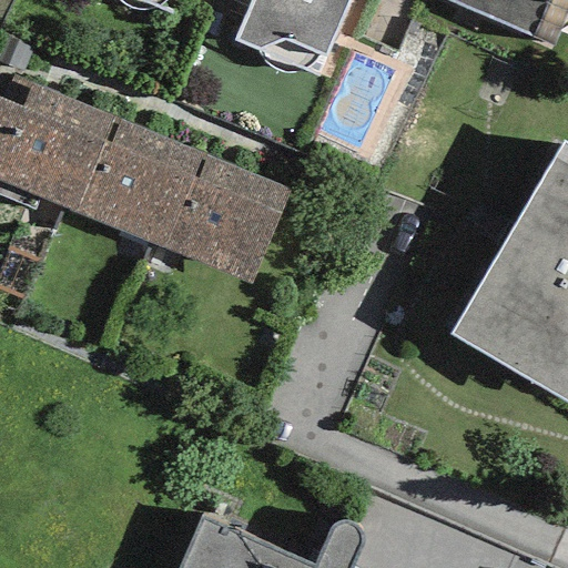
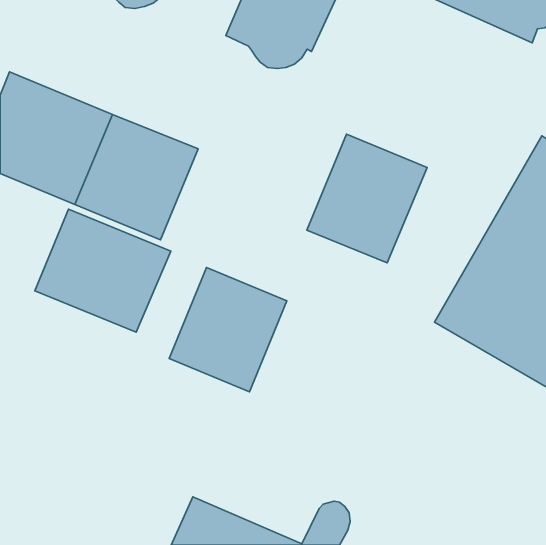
building: none -> [307,134,427,263]
building: [168,154,290,283] -> [169,268,287,392]
building: none -> [35,209,171,332]

